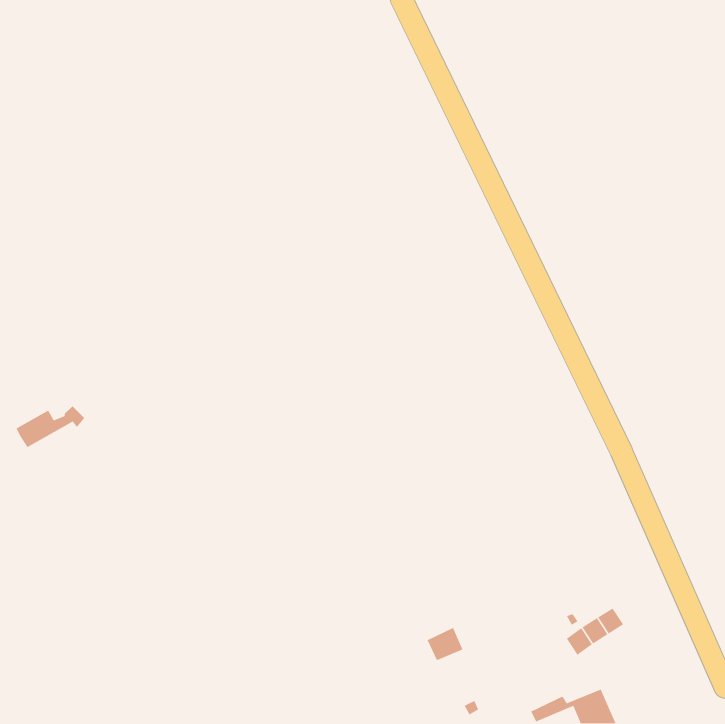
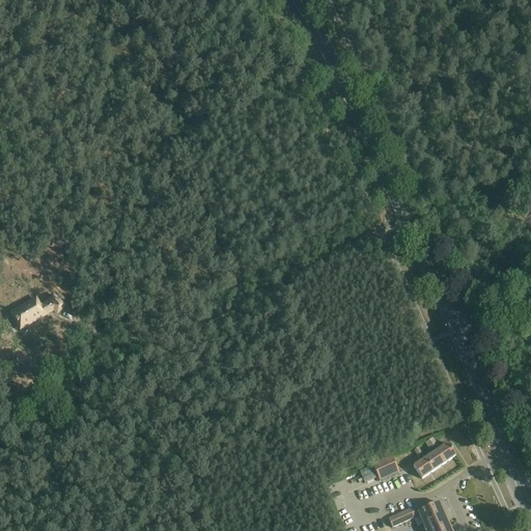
building: [426,627,463,661] -> [371,455,398,480]

